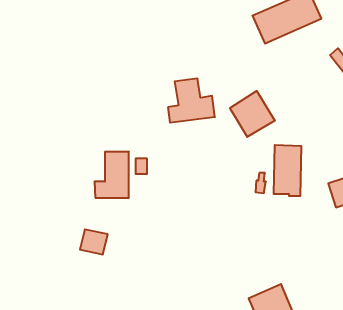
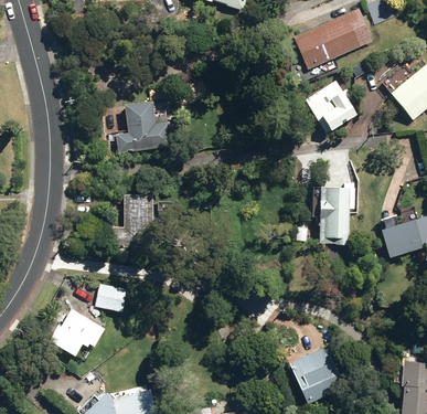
building: [168,79,215,123] -> [116,100,170,151]
building: [230,91,275,137] -> [305,79,356,132]
building: none -> [50,308,103,355]

